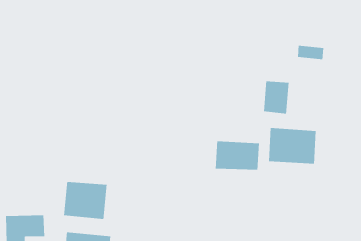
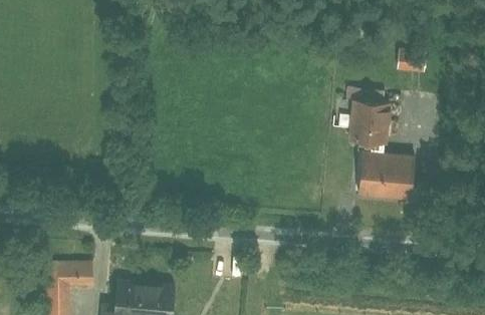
building: [215,140,259,171] -> none
building: [63,181,107,220] -> none

